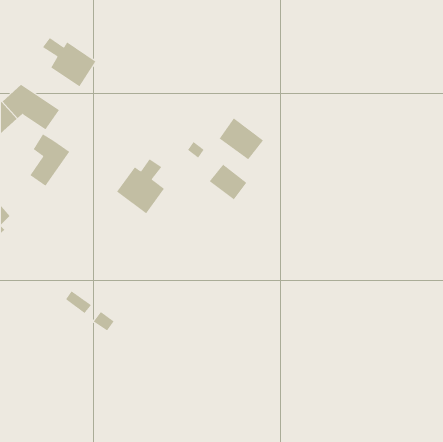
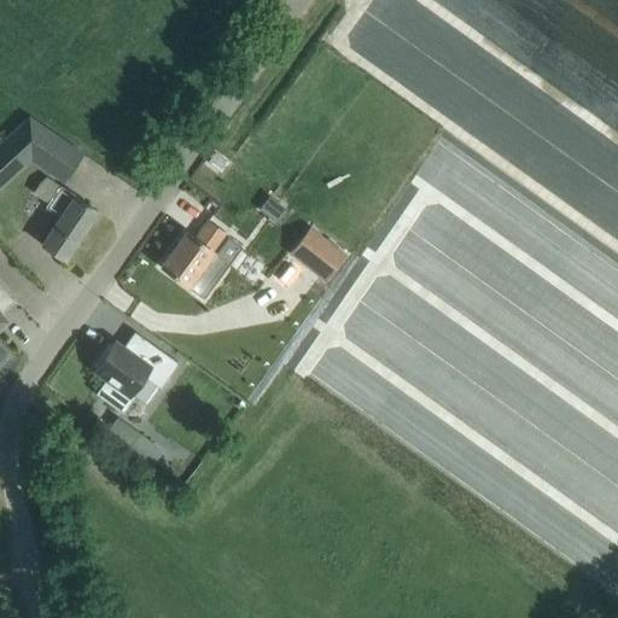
building: [42,37,96,87] -> none
building: [219,118,264,160] -> none
building: none -> [92,336,179,414]

